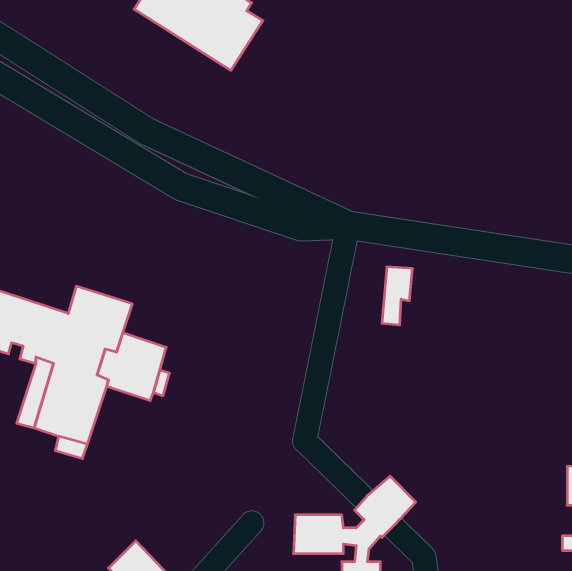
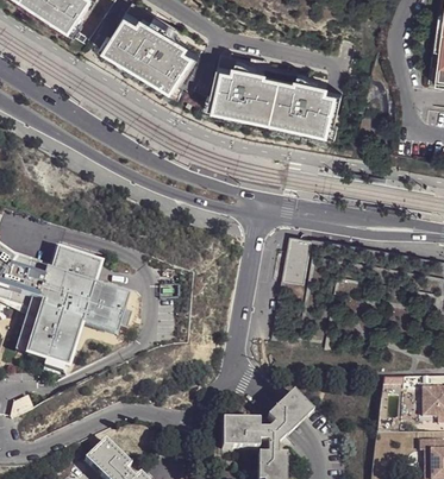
building: none -> [208,63,342,135]

